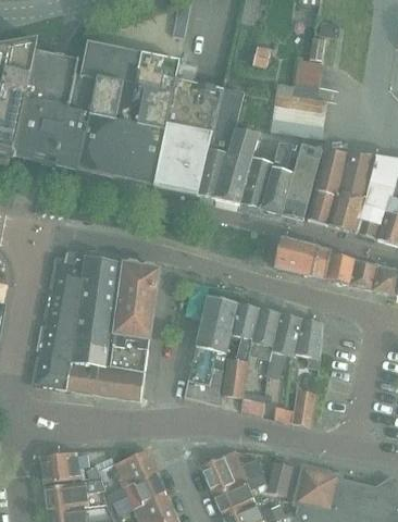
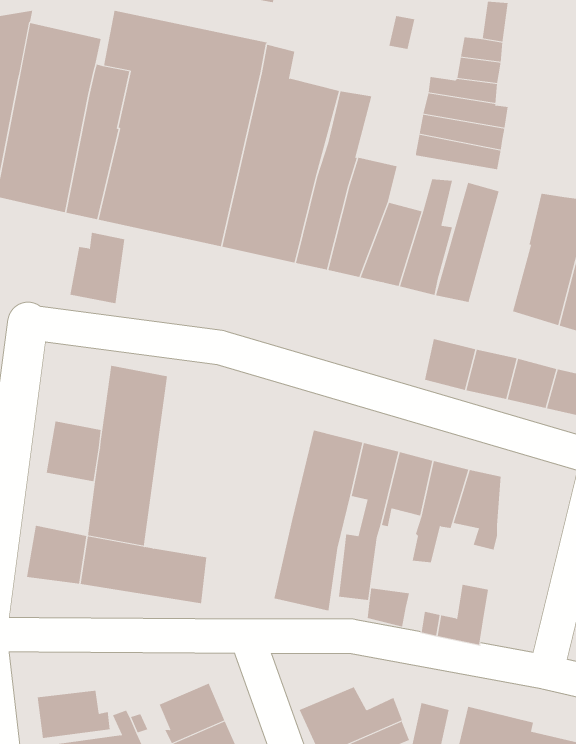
building: [307,150,345,223] -> none
building: [50,251,84,295] -> [70,232,125,304]
building: [110,262,157,372] -> none
building: [38,321,74,359] -> none

